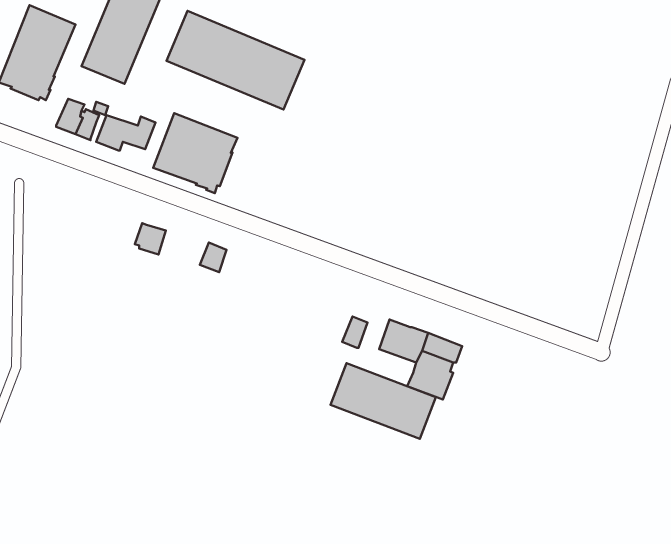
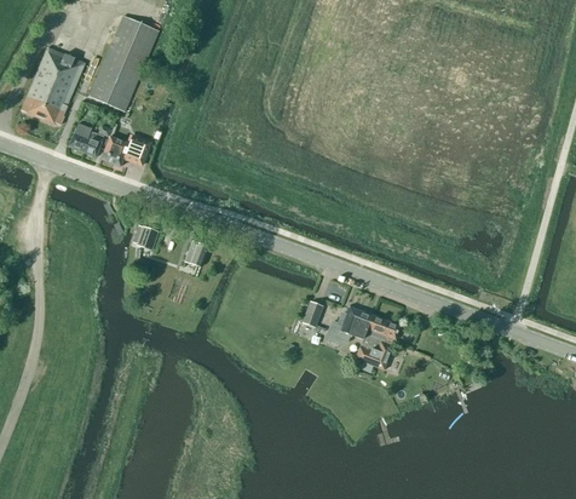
building: [167,11,305,110] -> none
building: [153,113,237,193] -> none
building: [331,363,436,439] -> none

